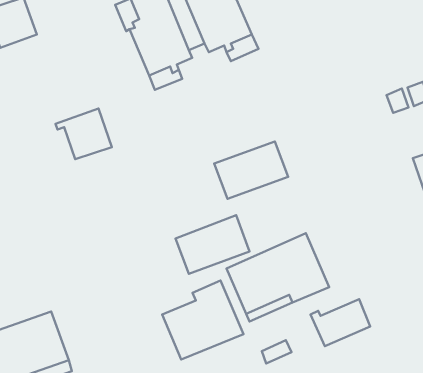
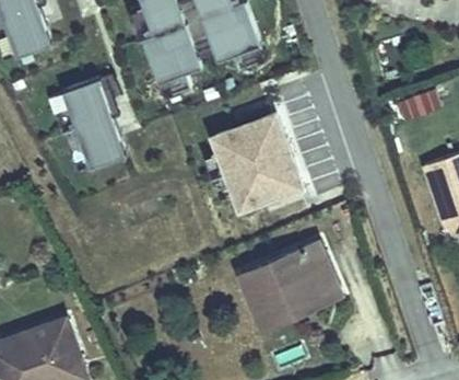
building: none -> [62,78,113,133]
building: [176,215,249,274] -> [214,114,287,172]
building: [162,281,243,360] -> none
building: [310,299,370,346] -> none

